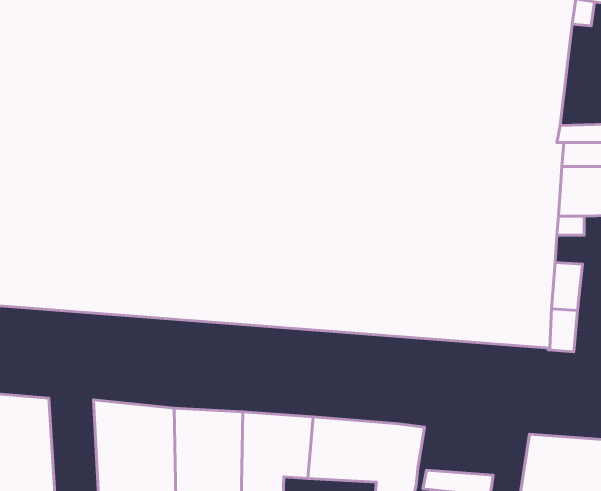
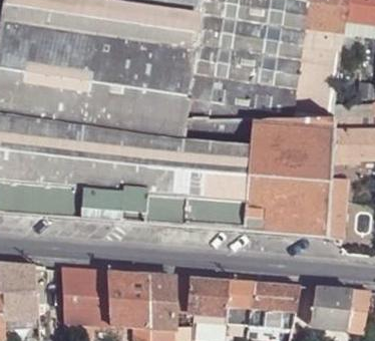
building: none -> [252,283,300,311]

